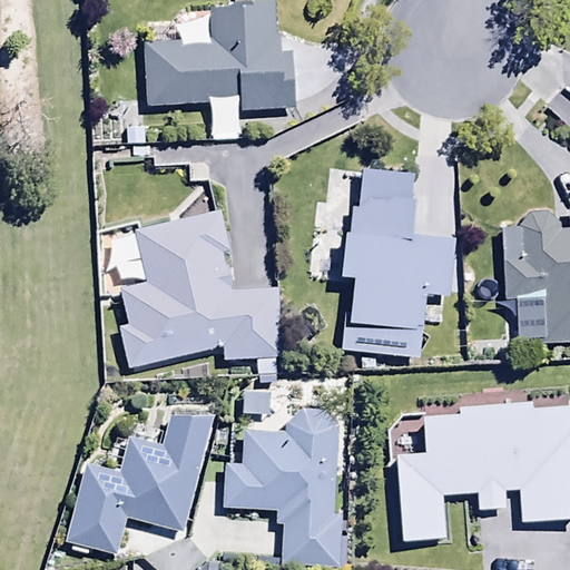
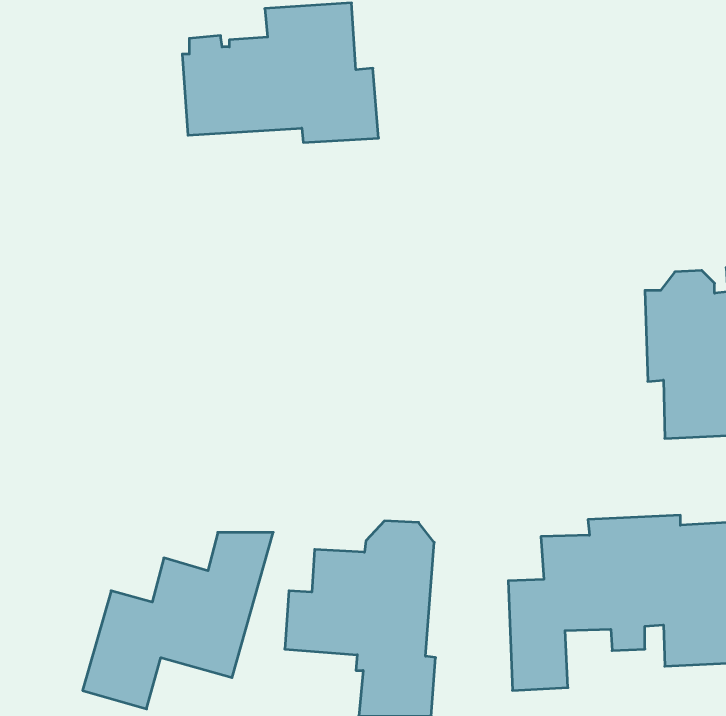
building: [342,169,454,356] -> none
building: [117,210,281,373] -> none

